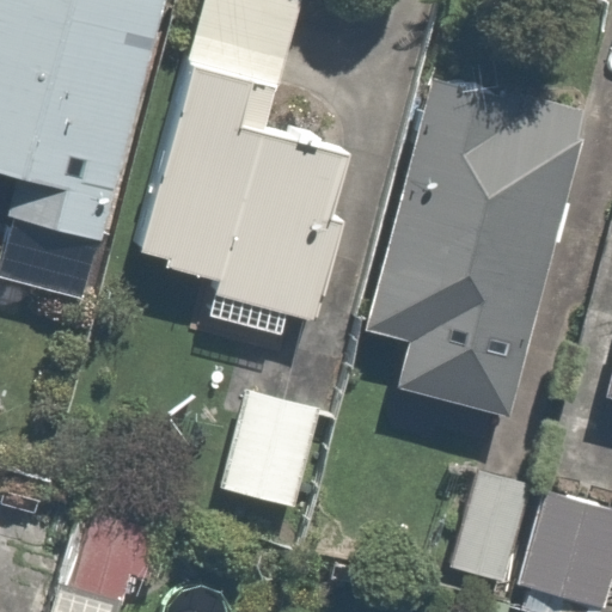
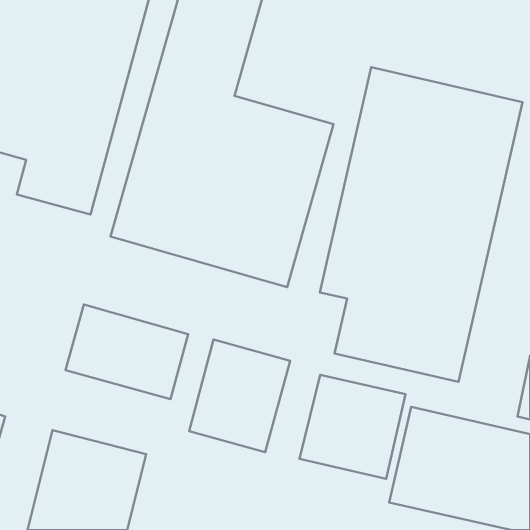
building: none -> [65,304,188,399]
building: none -> [300,375,406,479]

